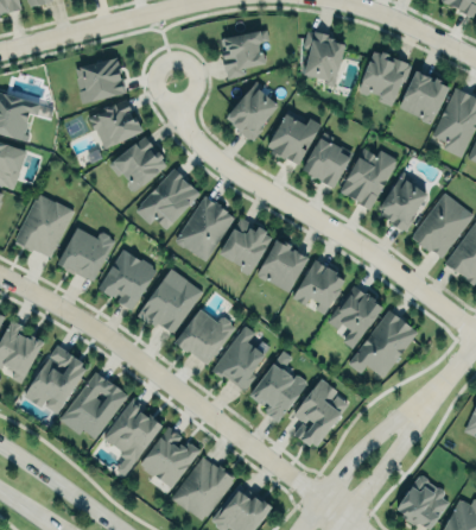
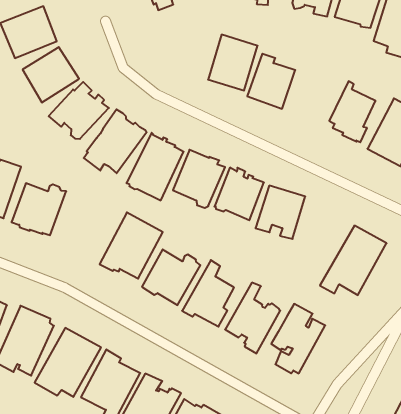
building: [226,81,278,140] -> none
building: [339,149,398,210] -> none
building: [99,248,157,309] -> none
building: [326,285,382,348] -> none

